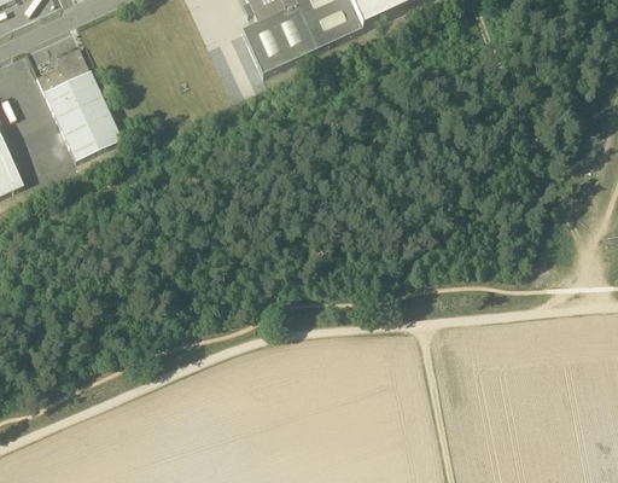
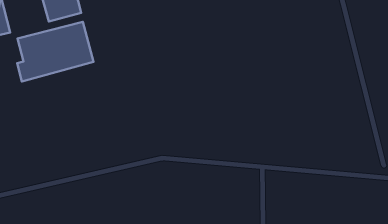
building: none -> [17,22,94,82]

